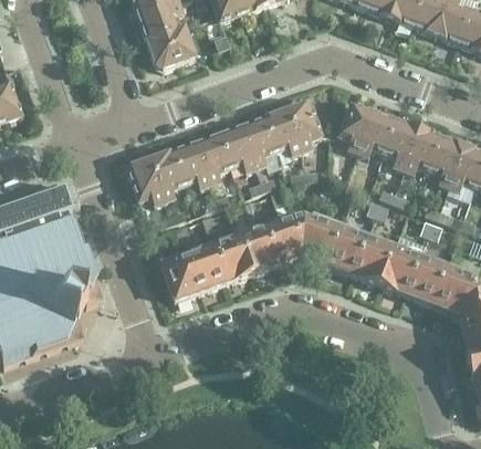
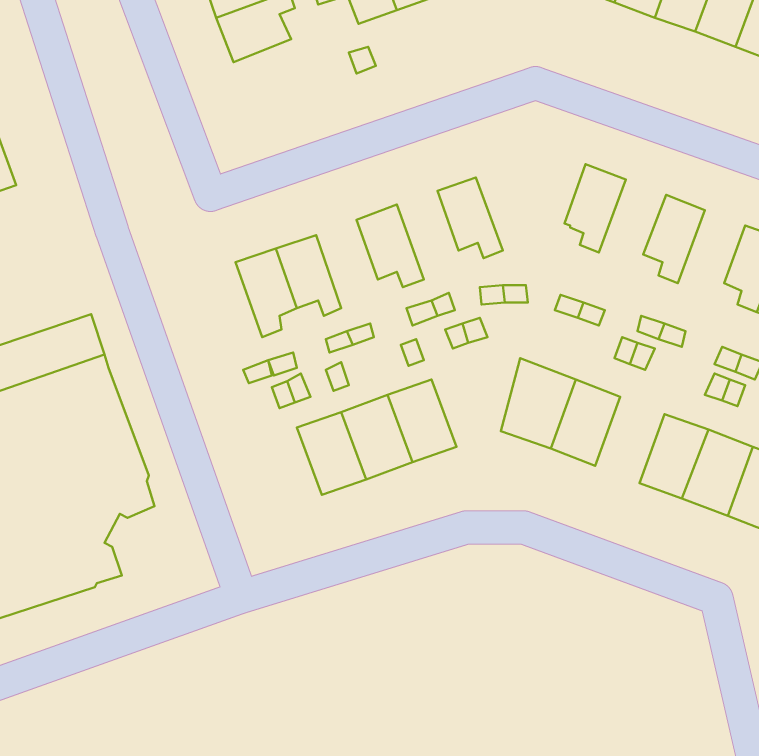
building: [147,24,210,67] -> none
building: [286,100,322,150] -> none
building: [357,109,396,156] -> none
building: [241,116,282,168] -> none
building: [402,127,441,173] -> none
building: [195,133,230,184] -> none
building: [126,157,164,203] -> none
building: [261,213,311,263] -> none
building: [355,234,395,284] -> none
building: [160,252,198,300] -> none

